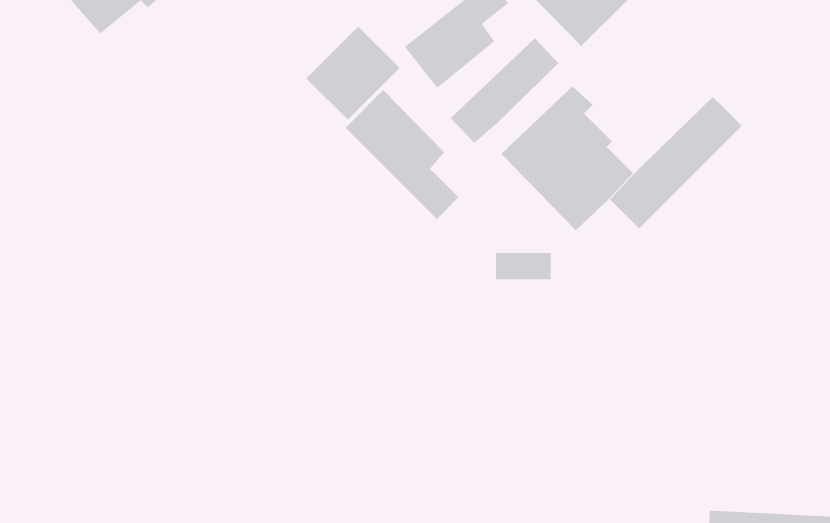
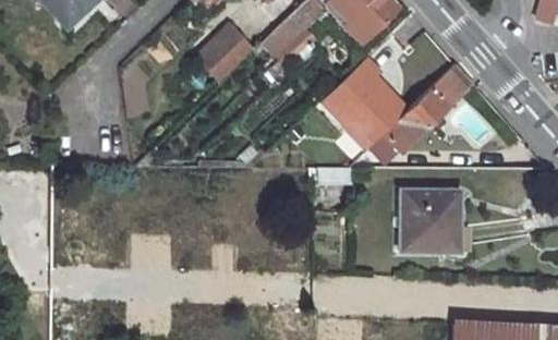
building: [450,37,559,144] -> none
building: [345,89,459,220] -> none
building: none -> [409,191,472,255]

